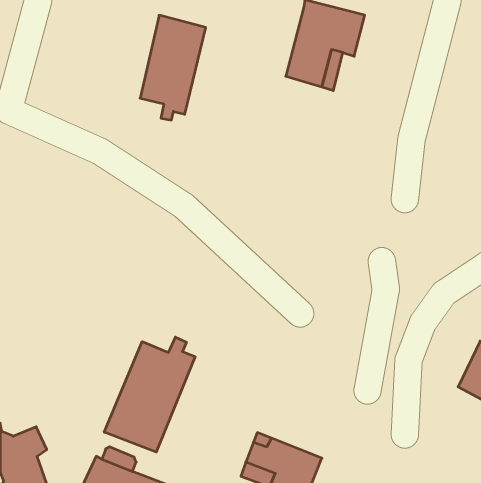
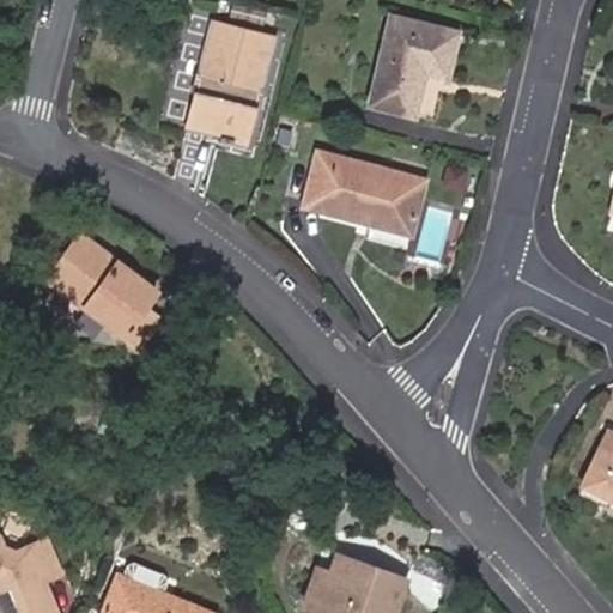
building: none -> [297,147,420,235]
building: none -> [53,238,165,354]
building: [104,337,195,452] -> none

